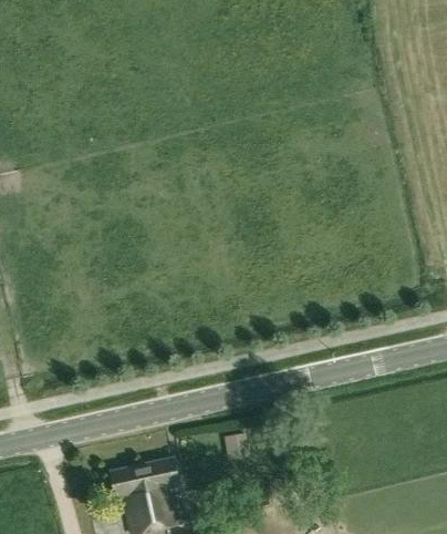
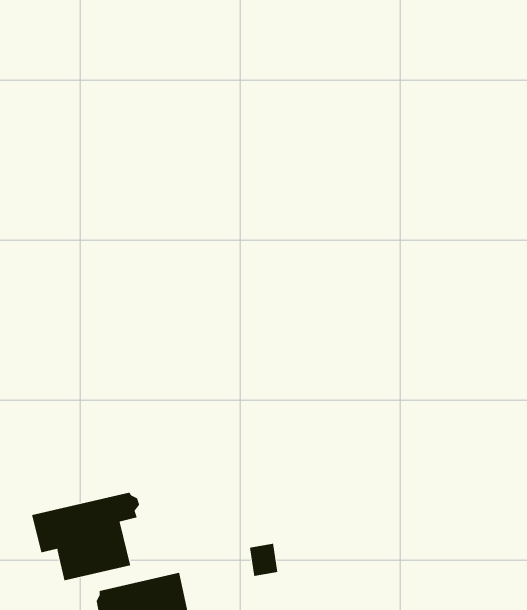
building: none -> [31,492,140,581]

